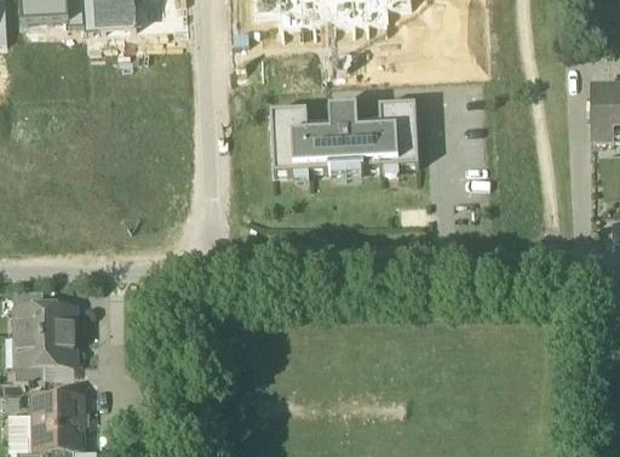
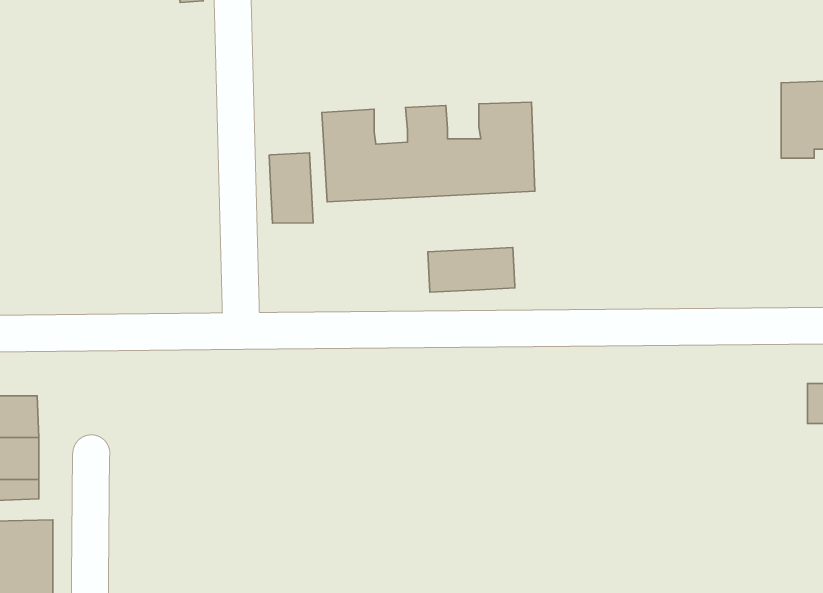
building: none -> [269,153,313,223]
building: none -> [428,248,515,292]

